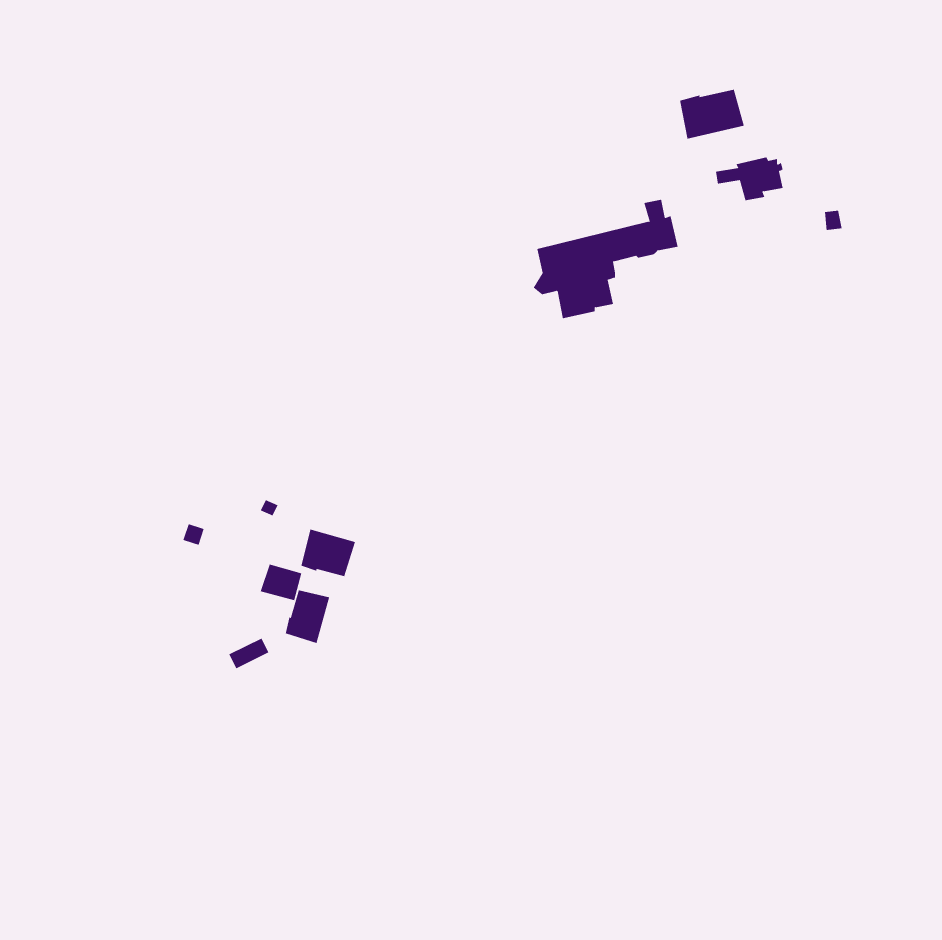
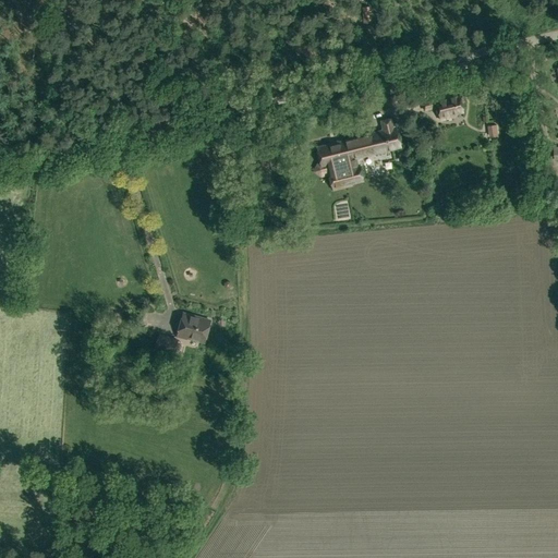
building: [679,89,744,140] -> none
building: [285,589,330,644] -> none

